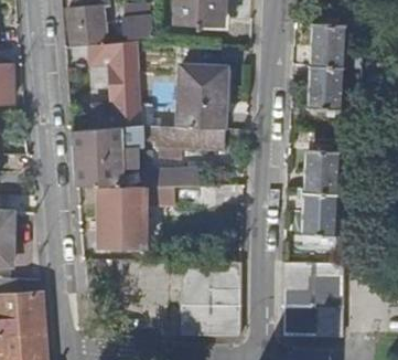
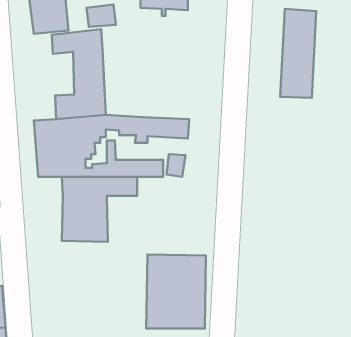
building: [178,64,223,130] -> none
building: [305,149,341,236] -> none
building: [283,264,341,337] -> none

